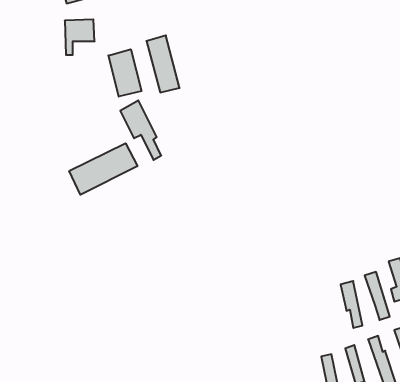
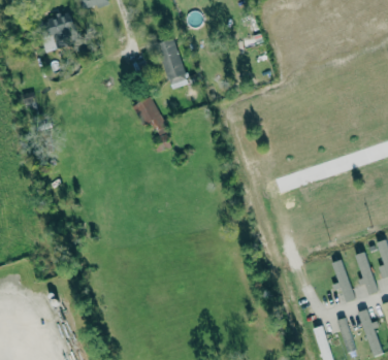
building: [65,19,95,55] -> [43,15,70,47]
building: [108,49,142,97] -> none
building: [69,143,137,195] -> none

